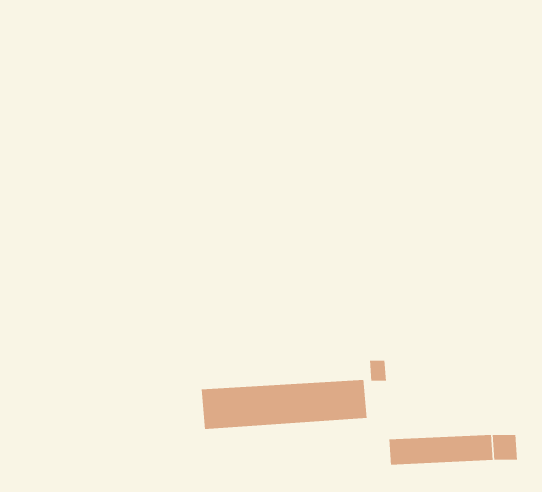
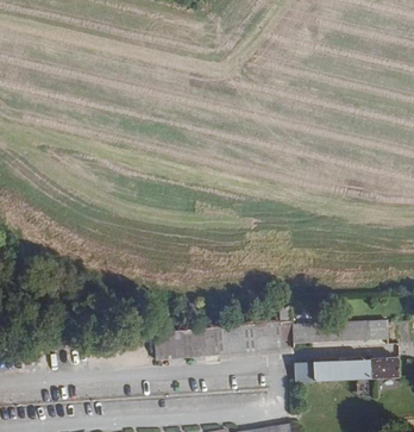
building: none -> [297,321,375,343]

